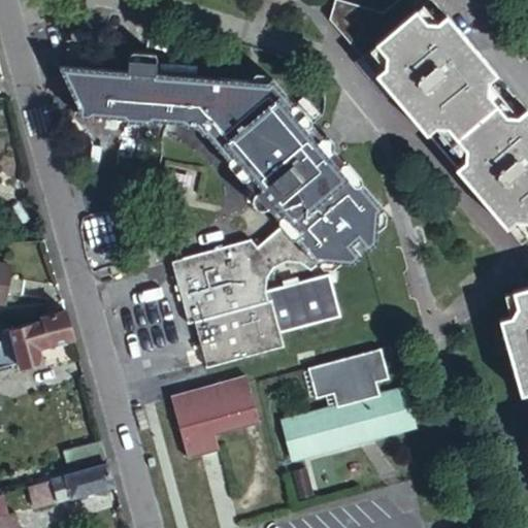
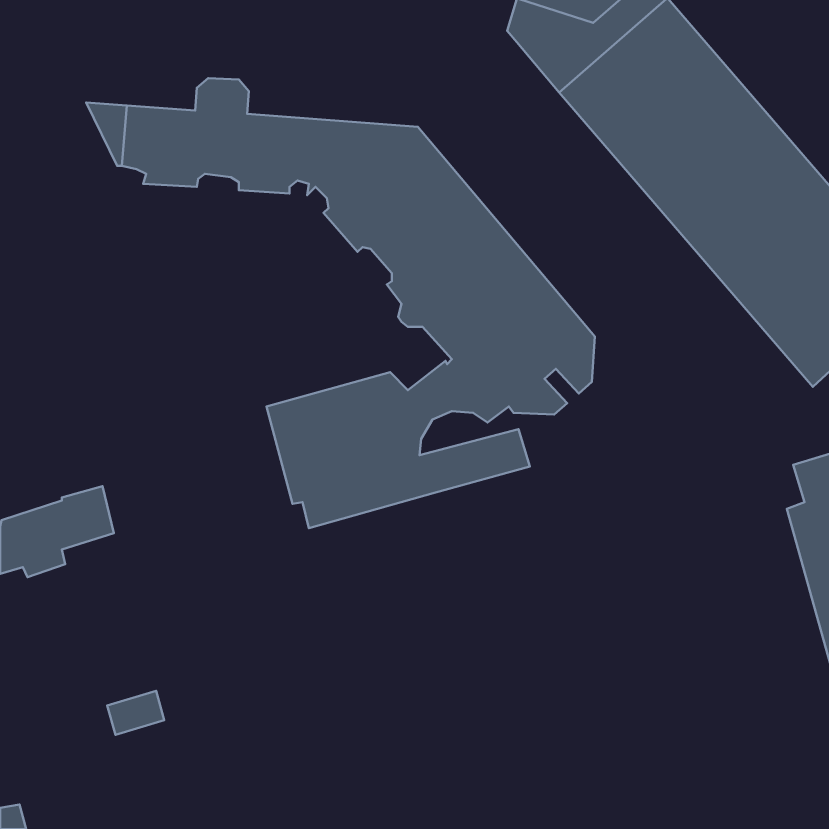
building: [197,296,342,367] -> none
building: [287,349,416,459] -> none
building: [173,377,264,460] -> none
building: [28,465,113,506] -> none

